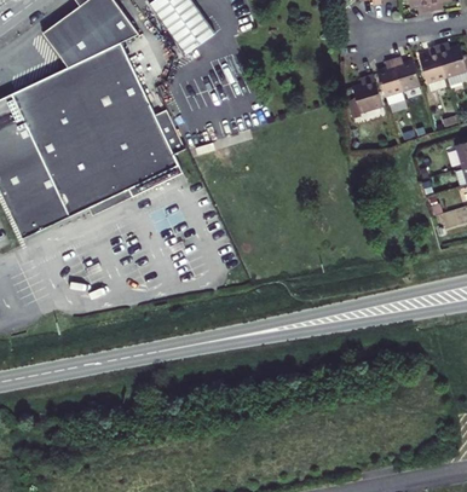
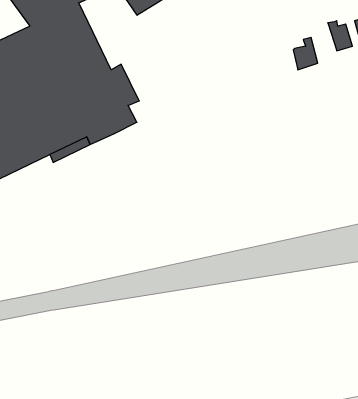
building: [374,60,399,97] -> none

